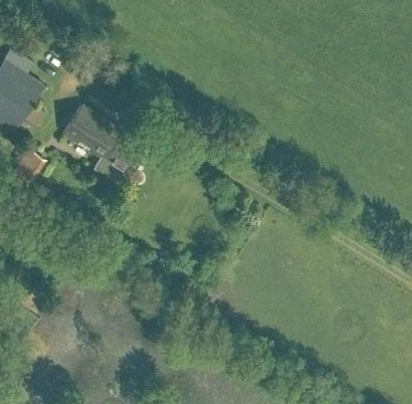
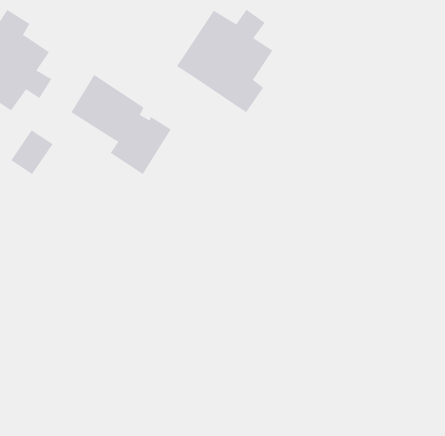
building: none -> [176,9,273,113]

